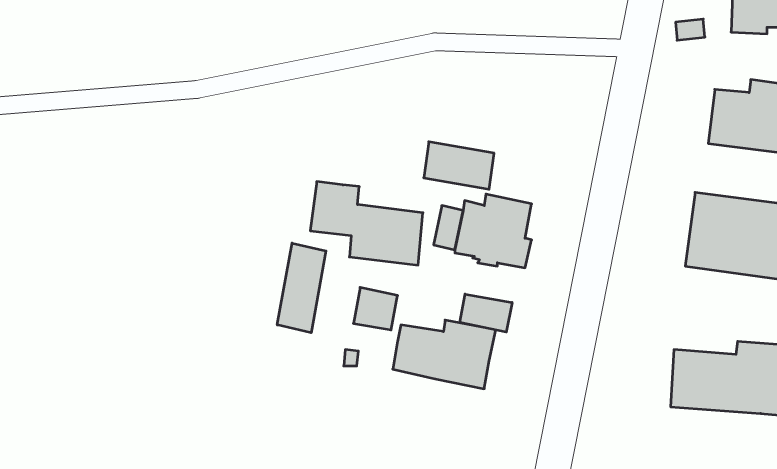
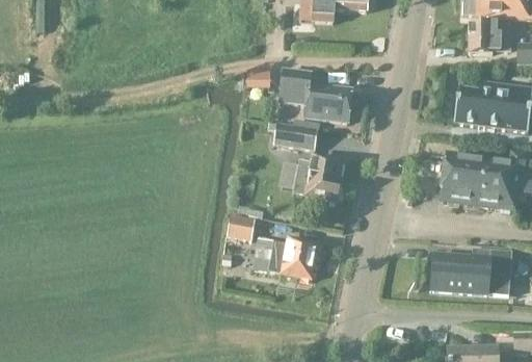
building: [310,182,423,265] -> [280,69,351,122]
building: [277,243,326,333] -> none
building: [460,294,512,332] -> none

